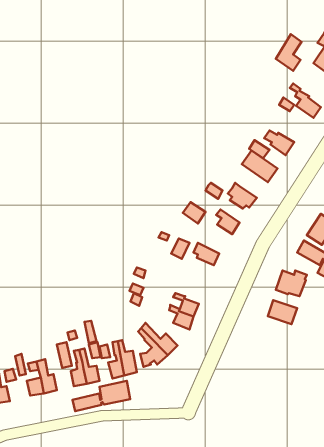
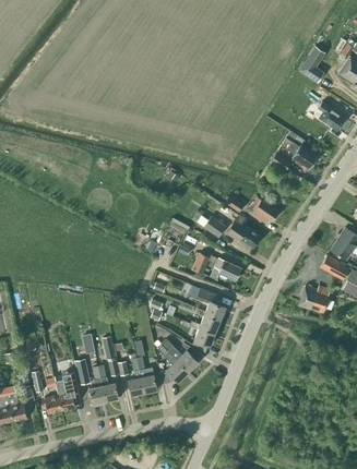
building: [242,150,277,182] -> none
building: none -> [197,289,226,320]
building: [268,300,297,324] -> none
building: [73,381,130,411] -> none

